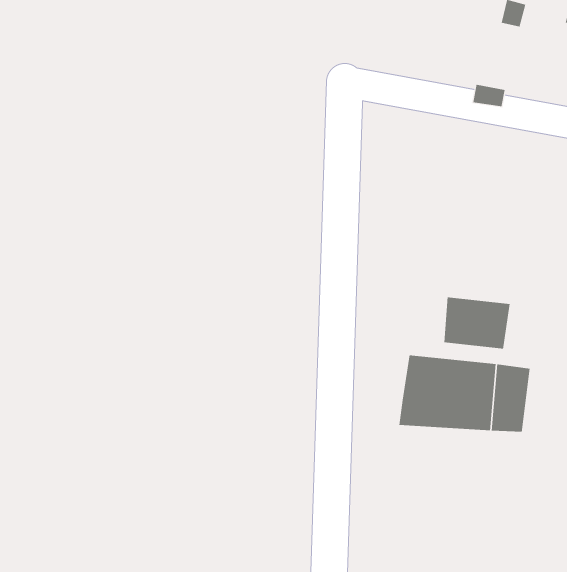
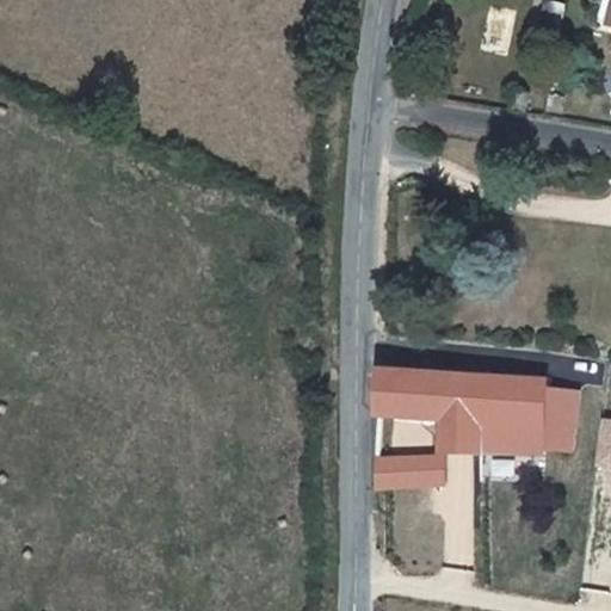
building: [443,297,511,349] -> [374,365,444,420]
building: none -> [393,452,446,485]

